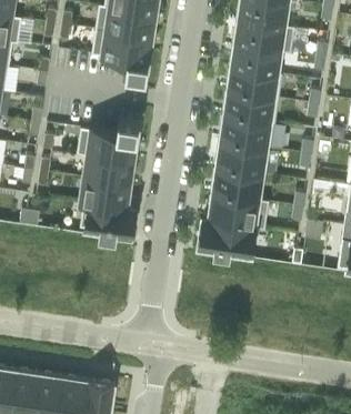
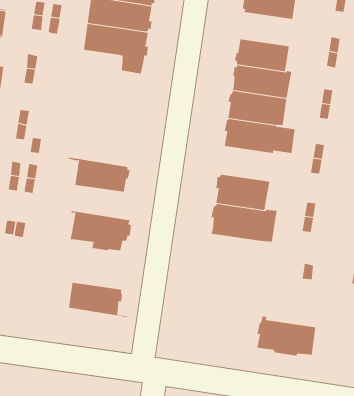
building: [233,20,294,53] -> none
building: [77,120,138,161] -> none
building: [215,142,265,174] -> none
building: [80,178,134,210] -> [68,282,128,317]
building: [199,219,253,255] -> [257,316,316,356]

